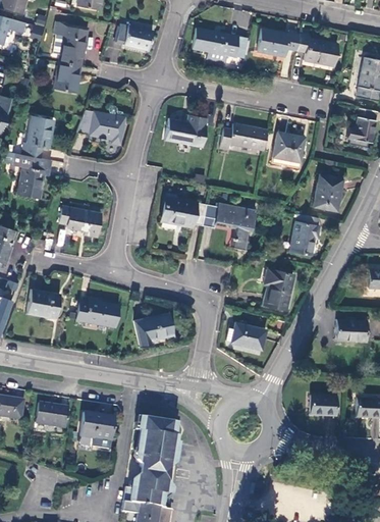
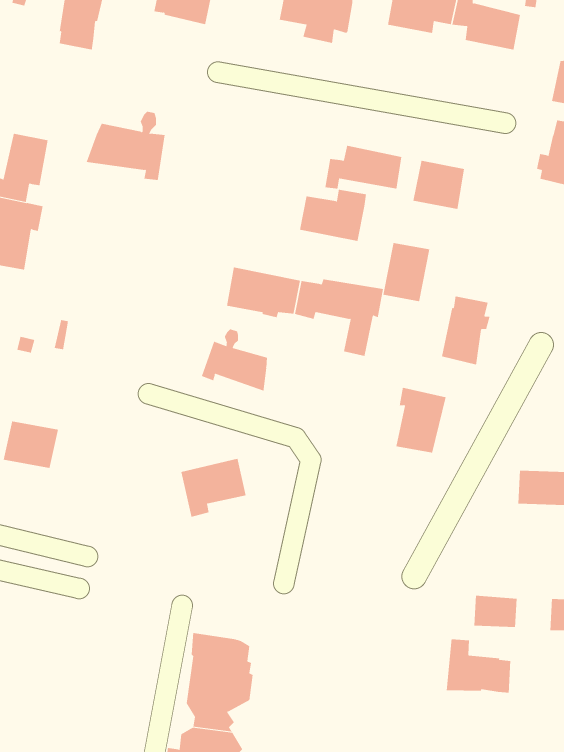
building: [54,62,80,93] -> none
building: [165,115,206,147] -> [299,189,367,242]
building: [314,175,342,211] -> [383,242,430,302]
building: [59,206,101,237] -> none
building: none -> [201,329,268,391]
building: [76,300,119,327] -> none
building: [231,323,266,350] -> none
building: [36,404,68,428] -> none
building: [78,414,113,447] -> none
building: none -> [446,638,511,694]

